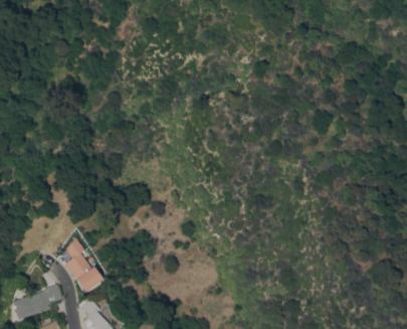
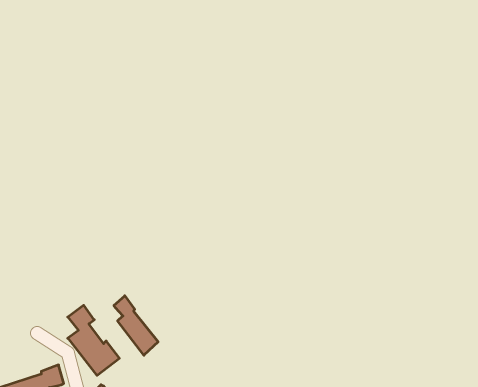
building: none -> [114,296,158,355]

